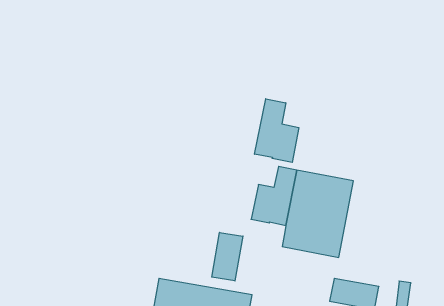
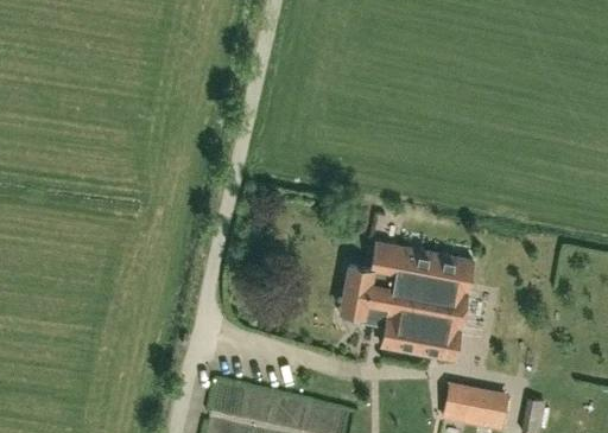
building: [255,99,299,162] -> none
building: [212,232,243,281] -> none

